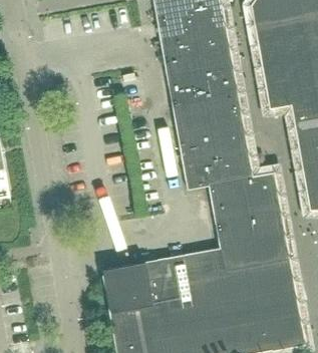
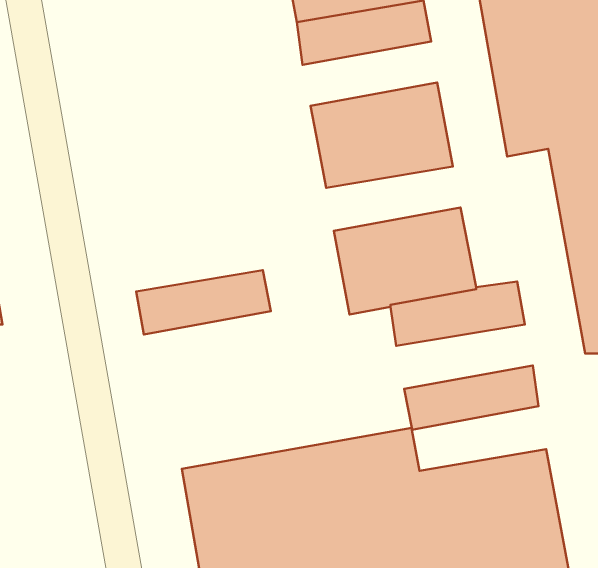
building: [164,49,233,82] -> none
building: [176,113,245,146] -> [136,270,271,335]
building: [212,195,282,228] -> none
building: [220,237,289,270] -> none

